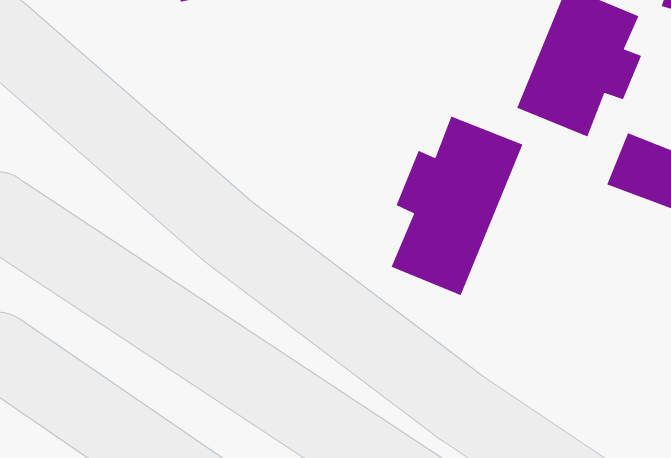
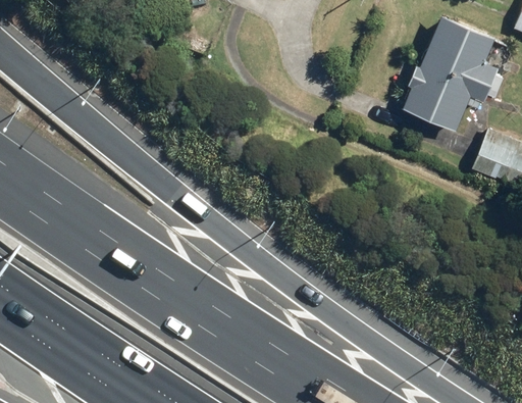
building: [391,115,523,296] -> none

